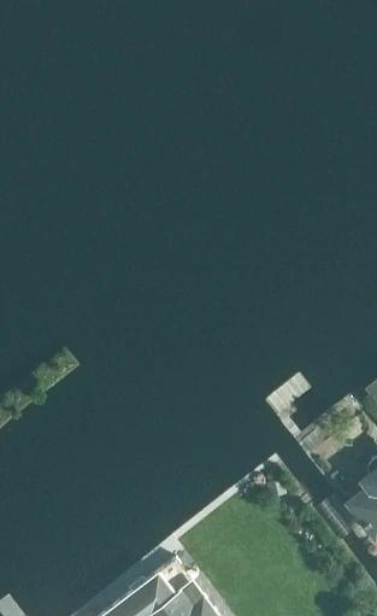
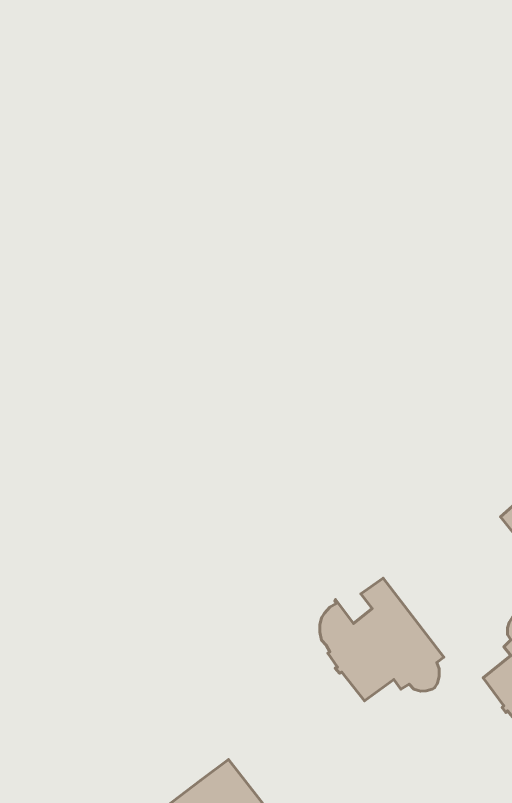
building: none -> [320,578,444,701]

